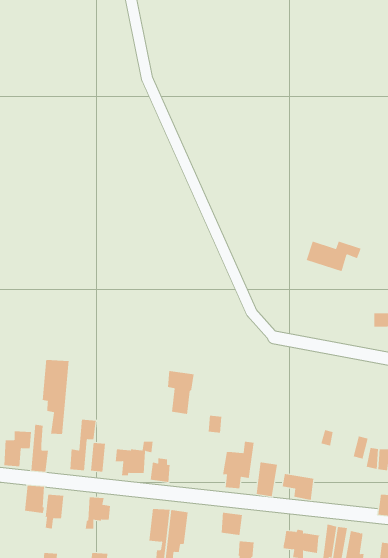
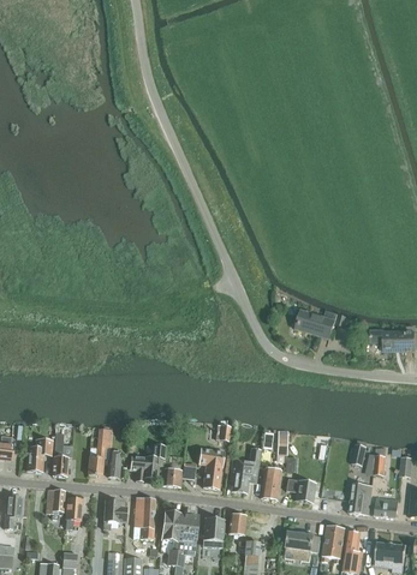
building: [306,241,362,272] -> [296,310,347,339]
building: [42,359,69,435] -> none
building: [167,370,194,414] -> [199,448,225,489]
building: none -> [350,483,373,514]
building: none -> [133,497,155,539]
building: none -> [202,517,225,546]

